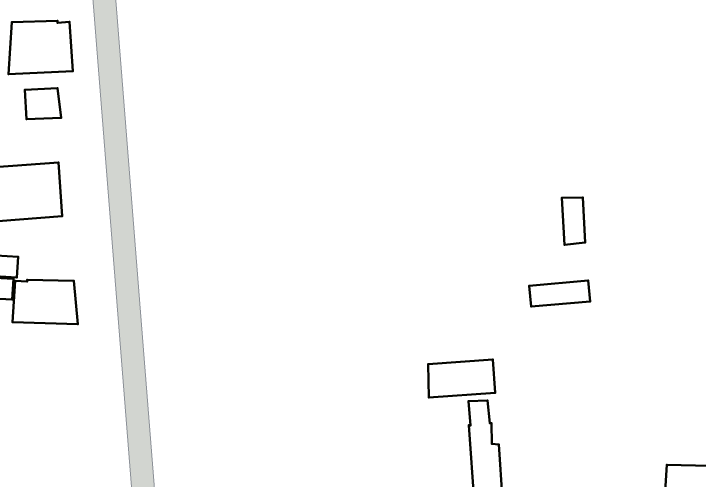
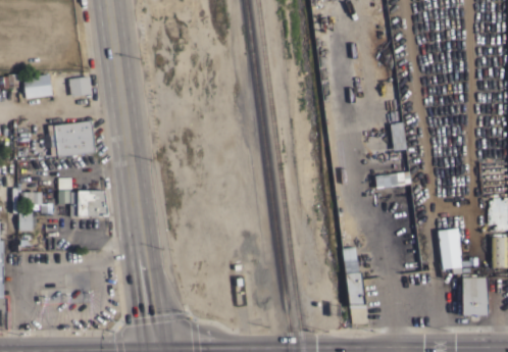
building: [9,21,73,74] -> none
building: [428,360,495,397] -> none
building: none -> [438,230,462,278]

